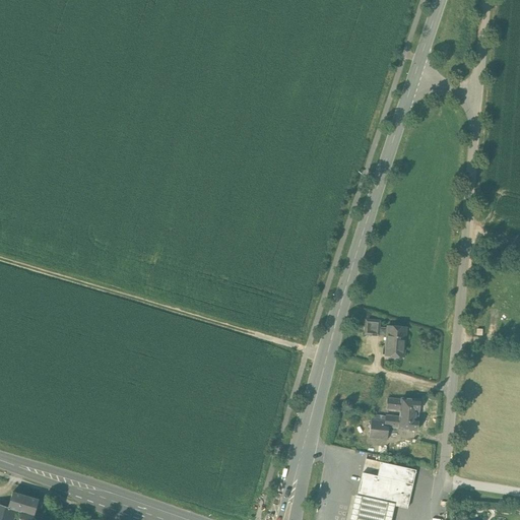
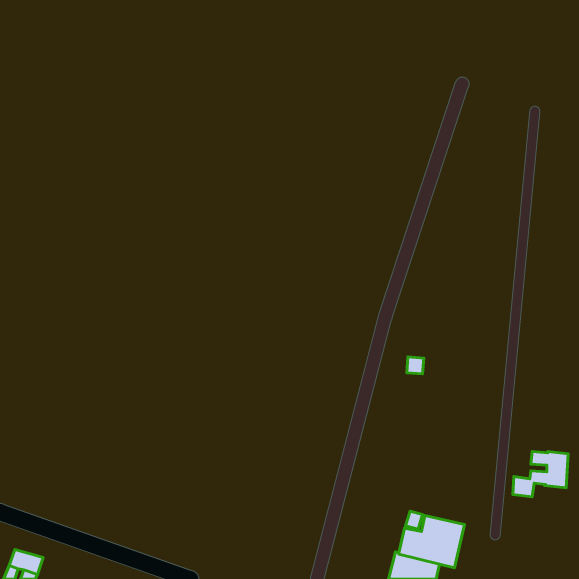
building: [385,326,406,356] -> none
building: [370,398,419,439] -> [513,452,568,497]

